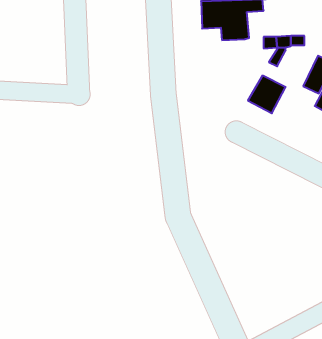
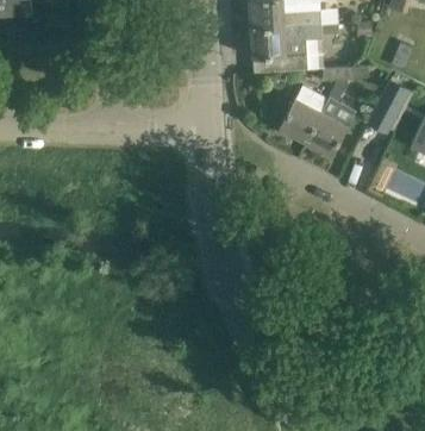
building: none -> [277,86,326,140]

